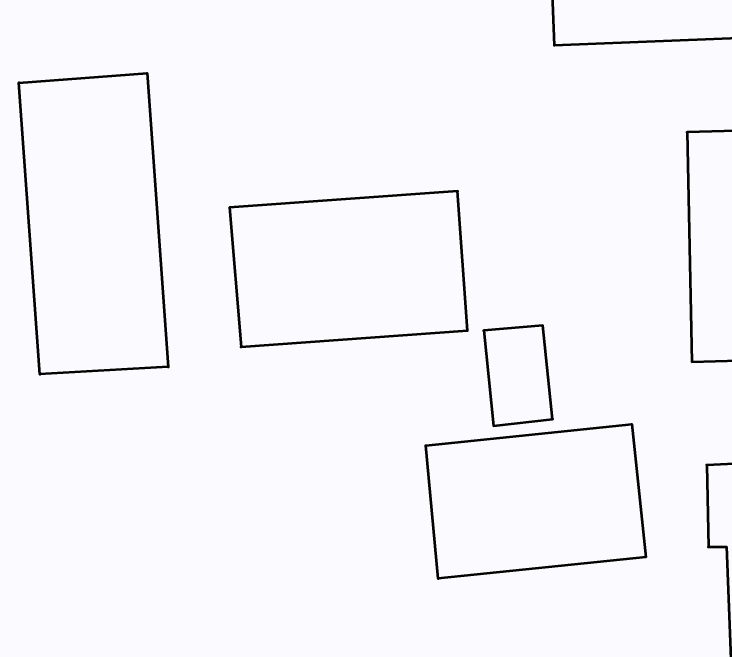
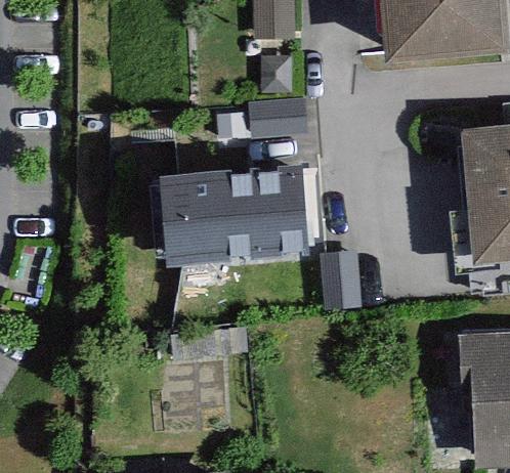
building: [19,73,168,374] -> none
building: [426,424,646,579] -> none

